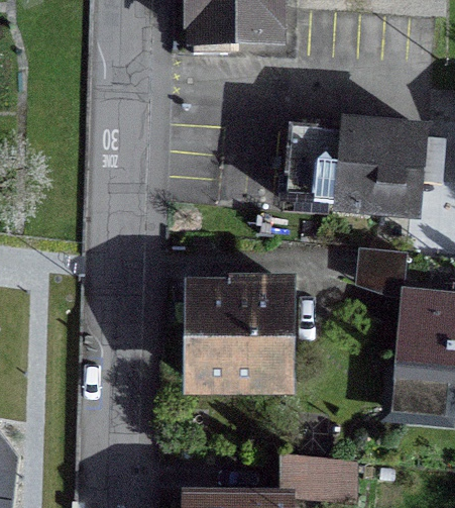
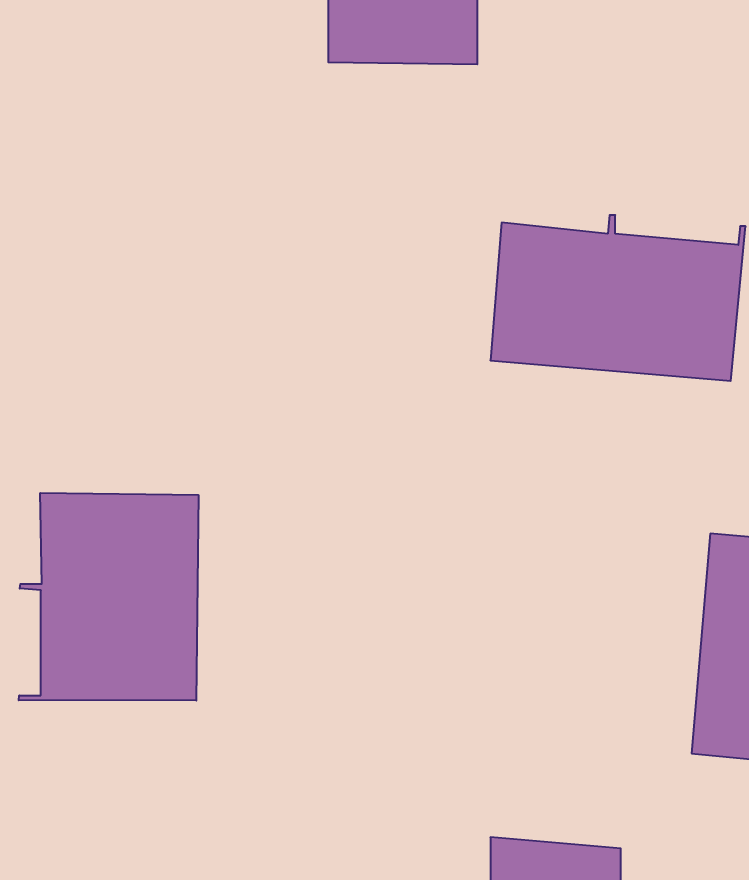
building: none -> [19,493,198,701]
building: [195,282,288,383] -> none

